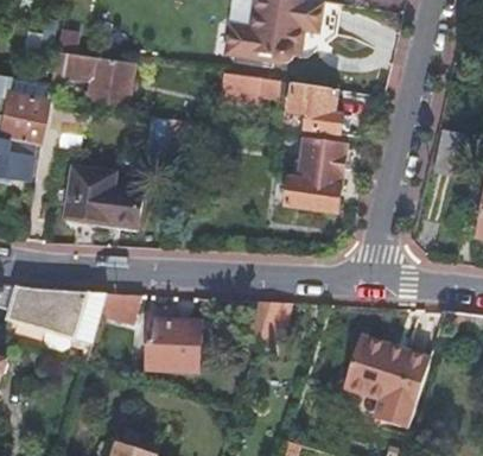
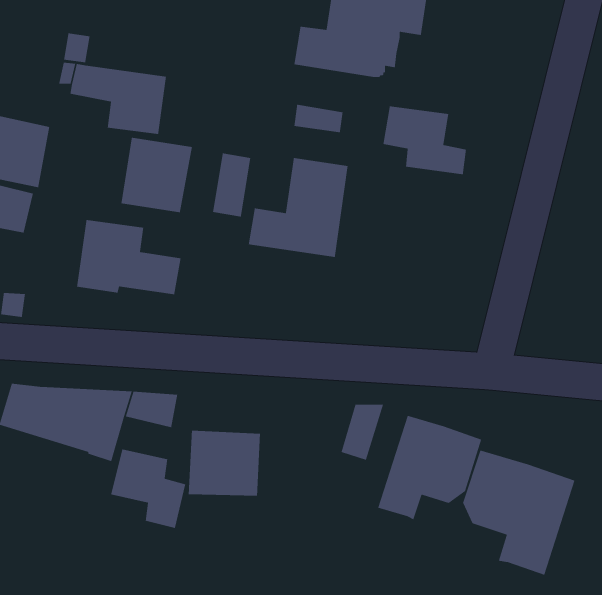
building: none -> [120,137,193,213]
building: [273,138,347,211] -> [248,157,348,258]
building: none -> [377,415,482,521]
building: none -> [110,448,186,529]

